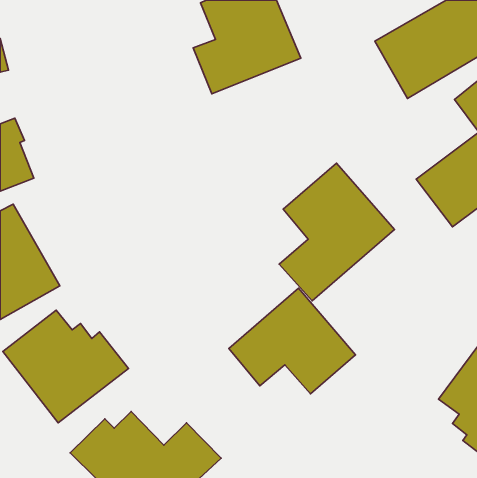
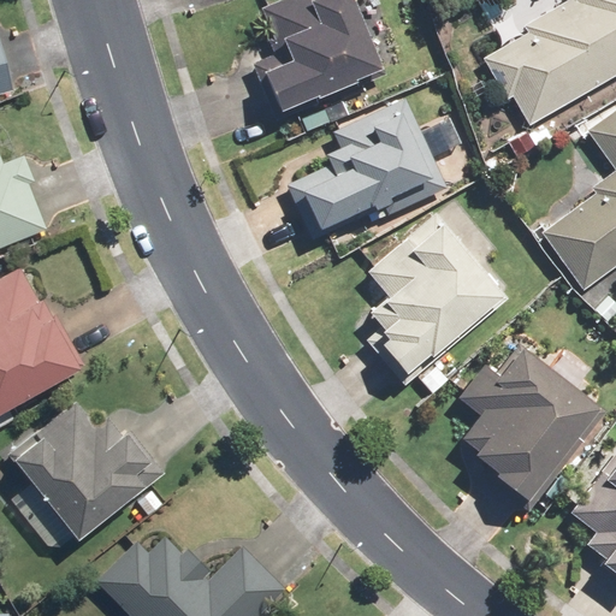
building: none -> [284,96,444,241]
building: none -> [452,343,606,513]
building: [229,288,356,394] -> none

